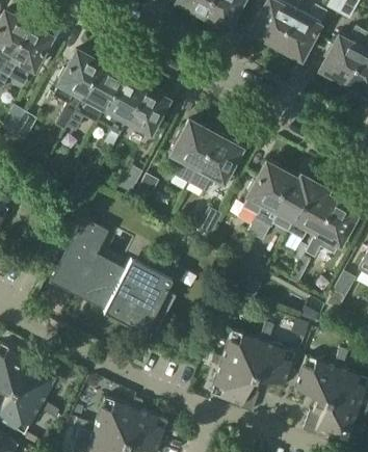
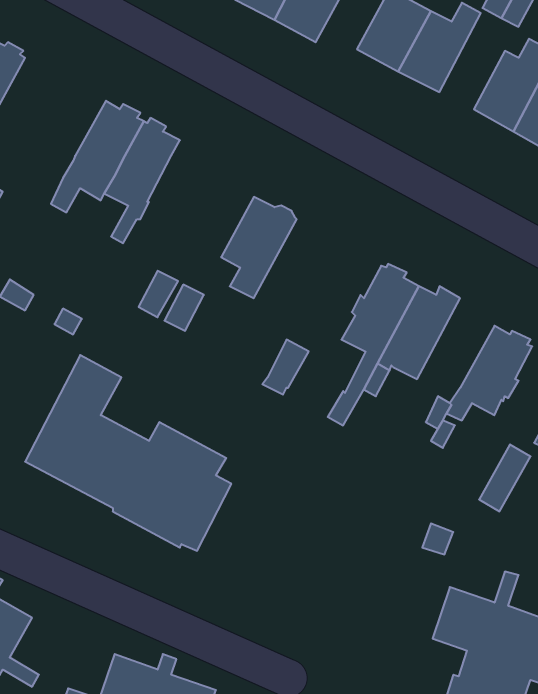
building: [54,49,100,130] -> none
building: [125,87,167,137] -> none
building: [189,135,241,191] -> none
building: [288,183,335,239] -> none
building: [211,321,296,411] -> none

